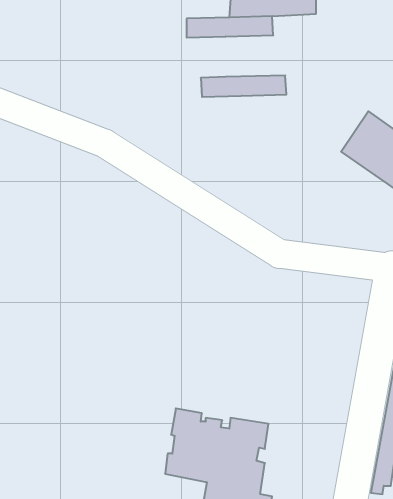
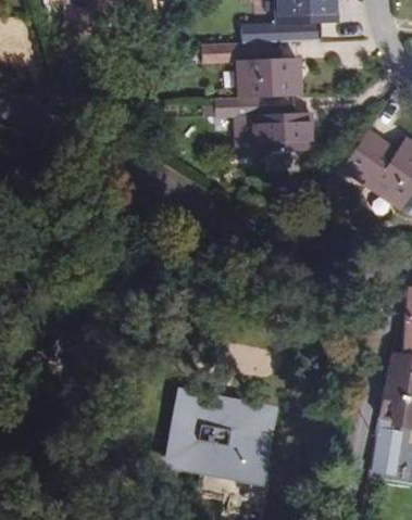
building: none -> [237,58,298,97]
building: none -> [251,113,311,149]

